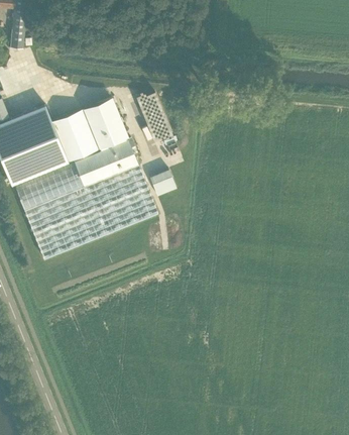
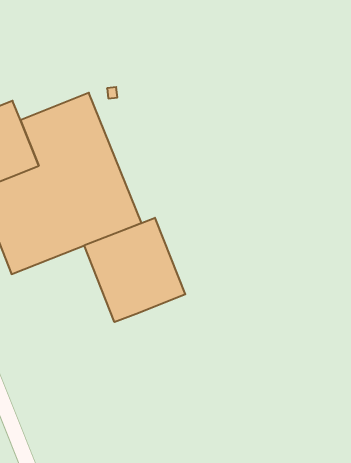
building: none -> [84,218,185,322]

